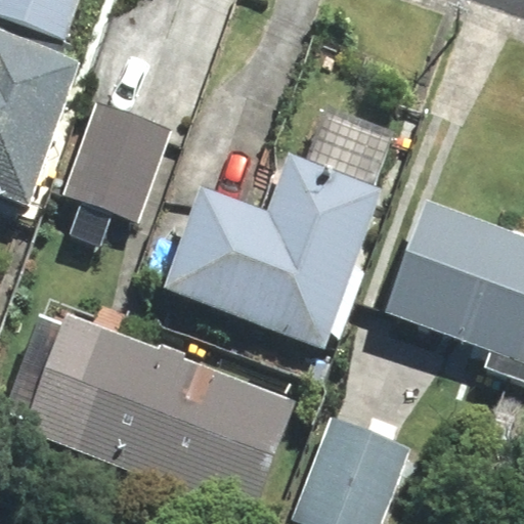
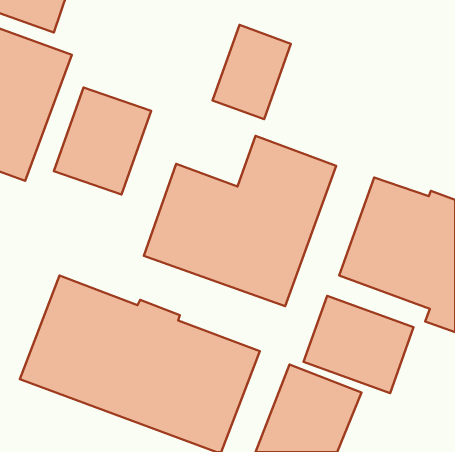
building: none -> [213,25,291,119]
building: none -> [304,296,414,393]

